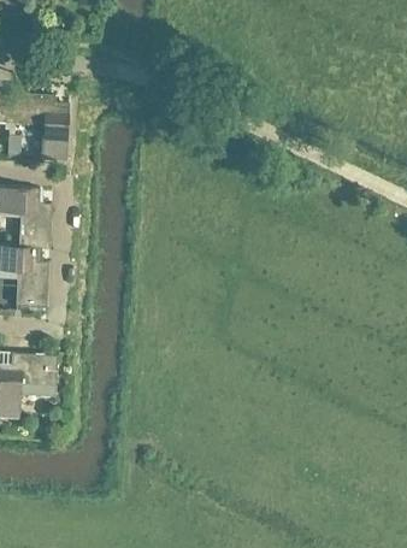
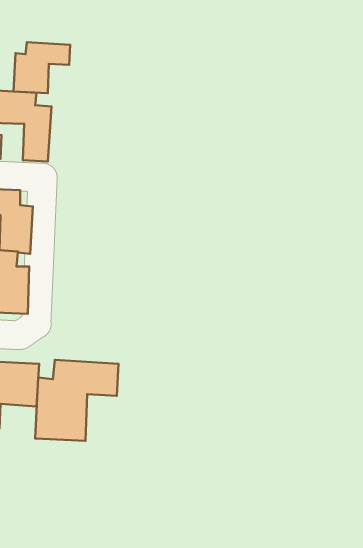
building: none -> [13,42,70,93]
building: none -> [35,360,118,441]

